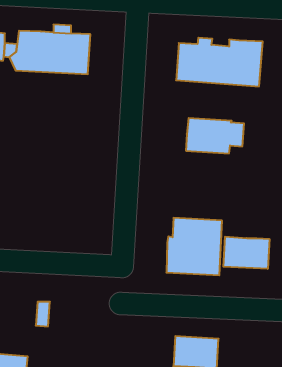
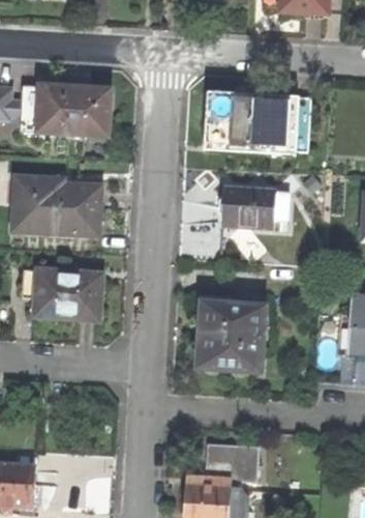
building: none -> [12,176,98,233]
building: none -> [23,270,101,319]
building: [223,237,269,269] -> none

